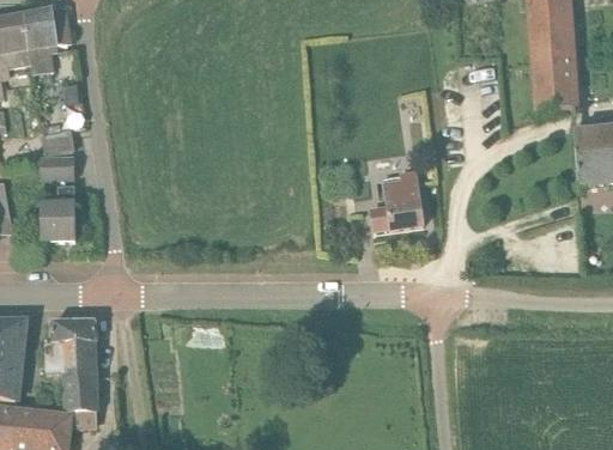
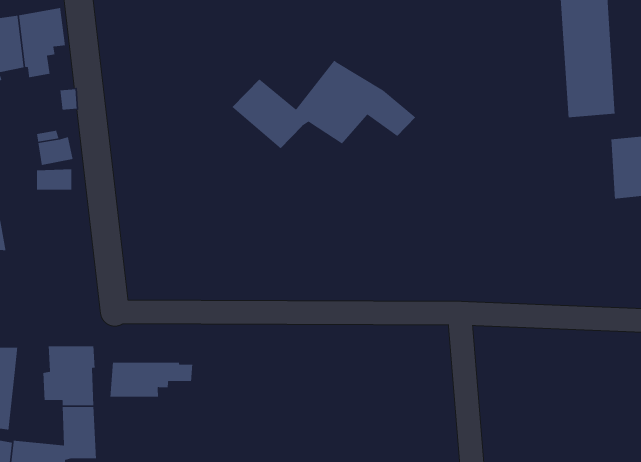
building: none -> [232,60,416,149]
building: [370,172,424,229] -> none
building: [41,187,75,239] -> none
building: none -> [109,362,193,397]

